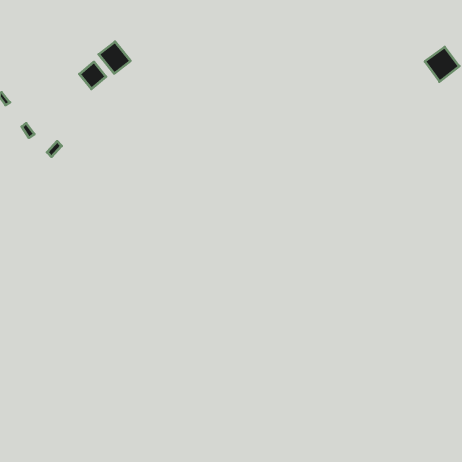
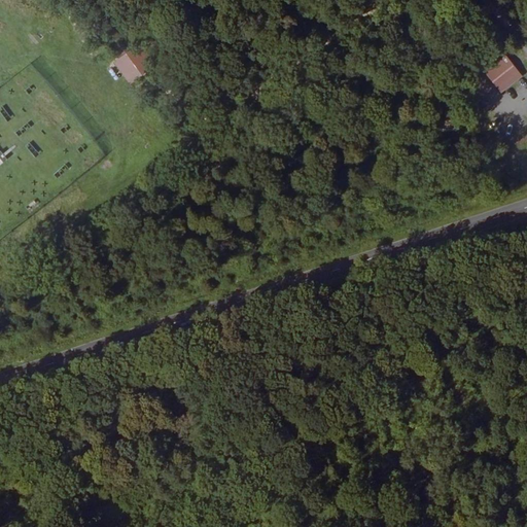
building: [79,62,106,89] -> none

